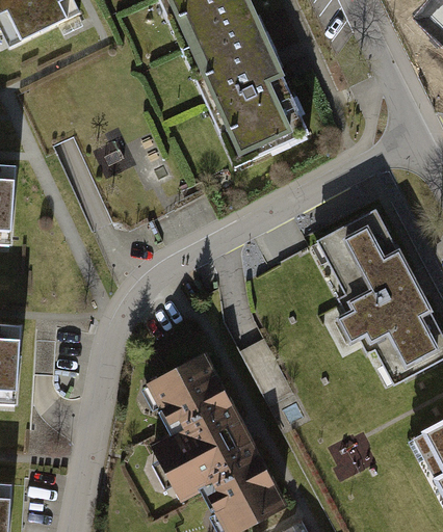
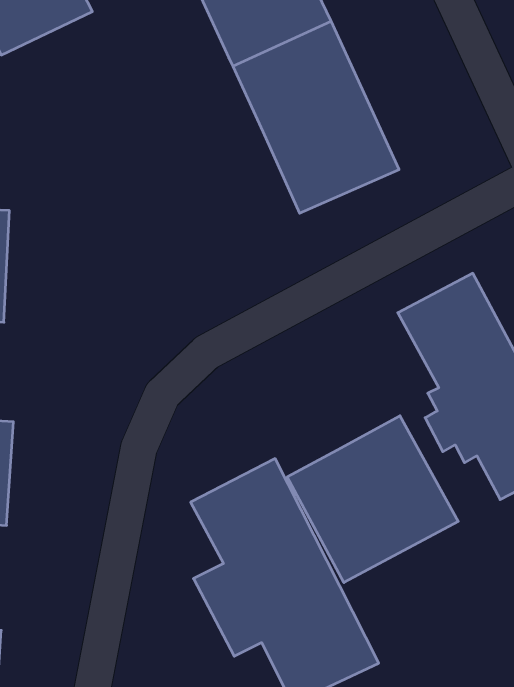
building: none -> [287,416,458,583]

